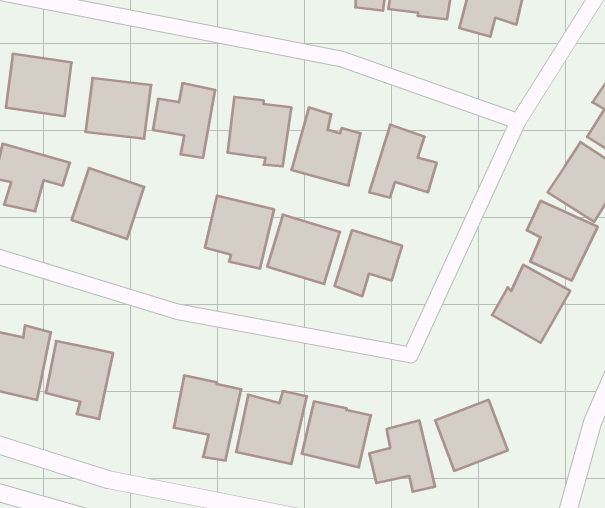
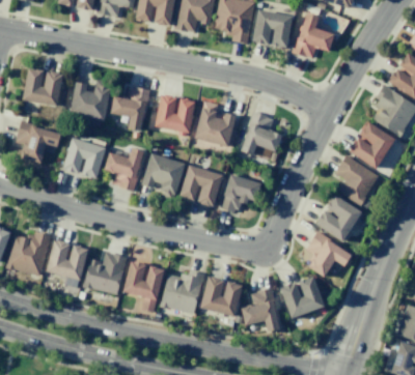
building: none -> [104,148,144,191]
building: none -> [305,232,352,277]
building: none -> [83,252,127,294]

